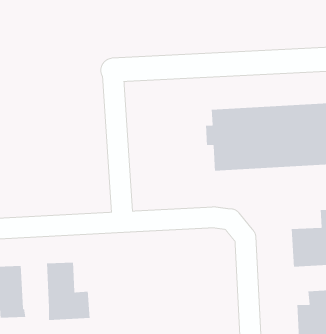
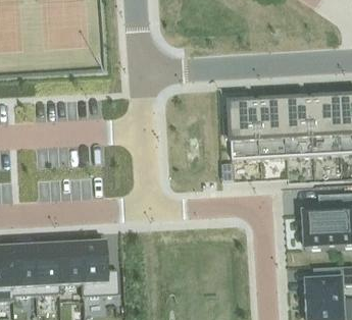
building: none -> [56,242,81,283]

